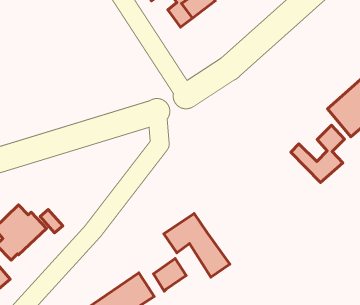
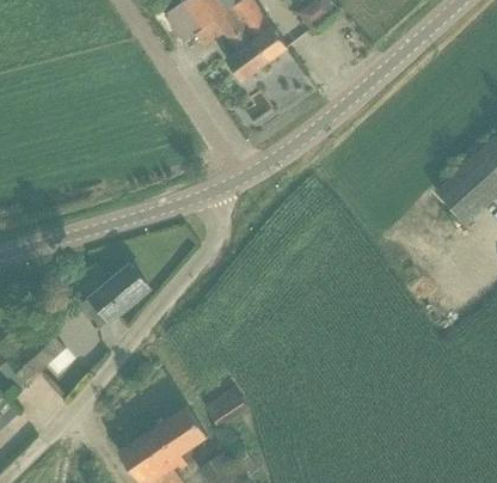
building: [291,125,344,183] -> none
building: none -> [78,265,148,331]
building: [164,213,230,277] -> none

